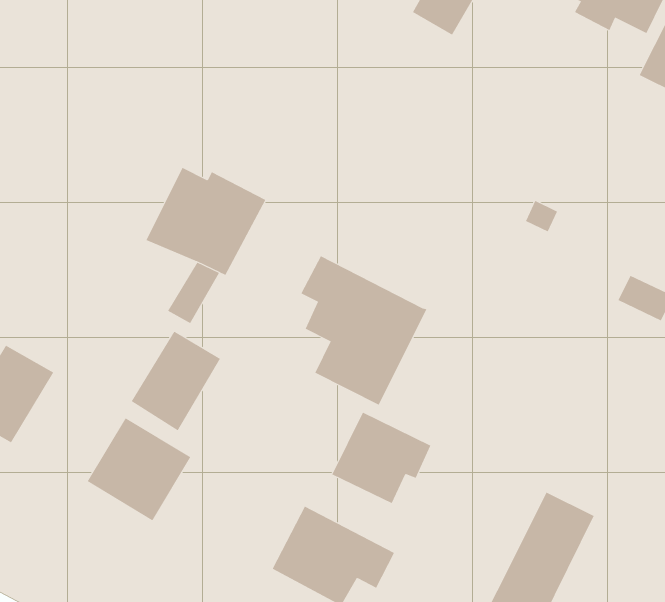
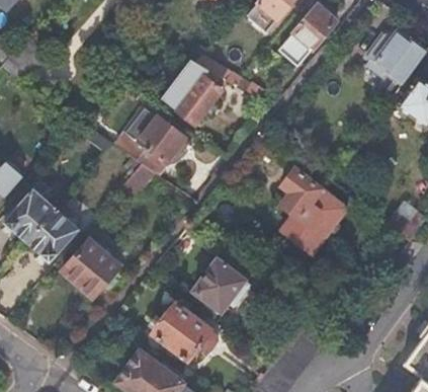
building: none -> [162,61,223,125]
building: [300,256,427,405] -> [280,168,347,253]
building: [131,331,221,431] -> [27,209,79,262]

